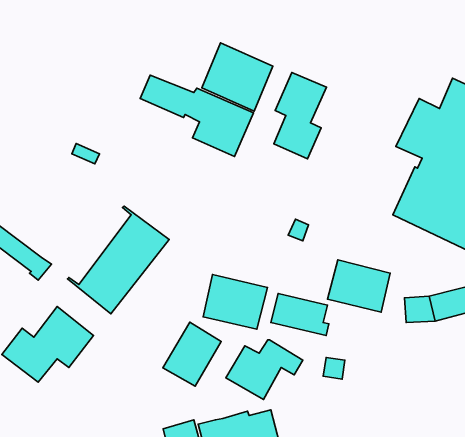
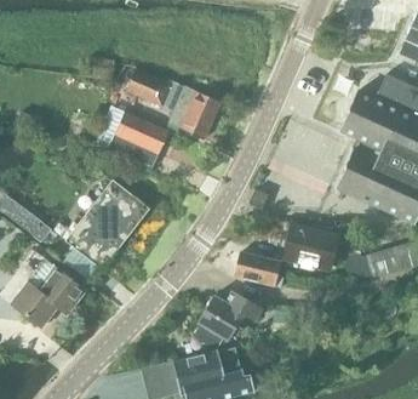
building: [202,43,273,111] -> [109,109,168,166]
building: [274,73,326,159] -> none
building: [203,274,268,329] -> none
building: [163,322,221,386] -> none

